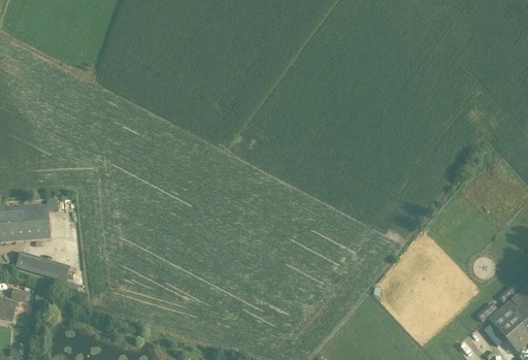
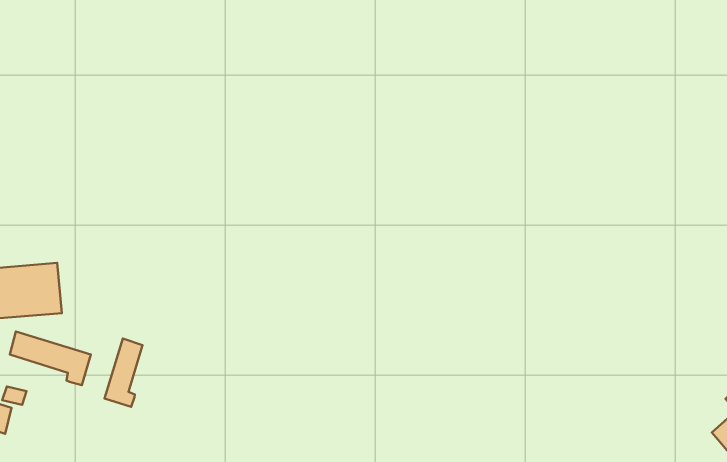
building: none -> [105,339,142,407]

